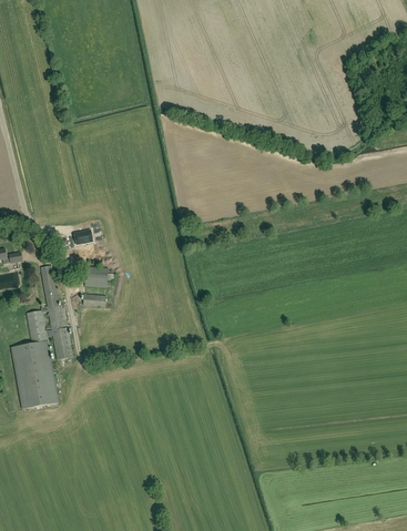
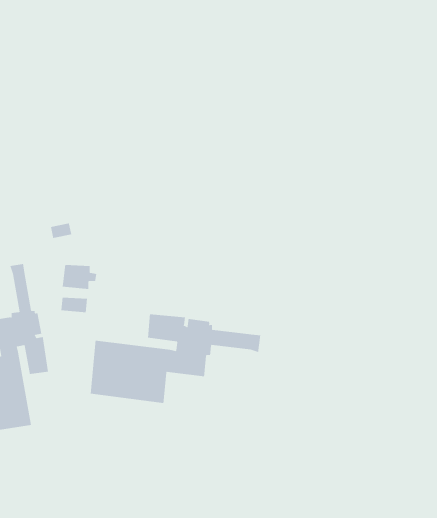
building: none -> [90,314,261,404]

